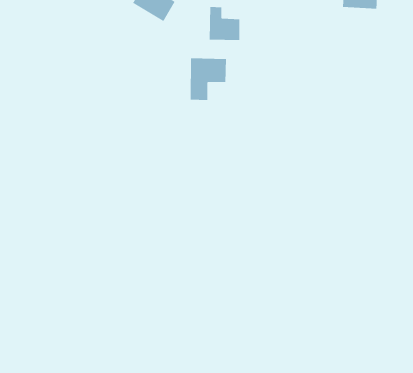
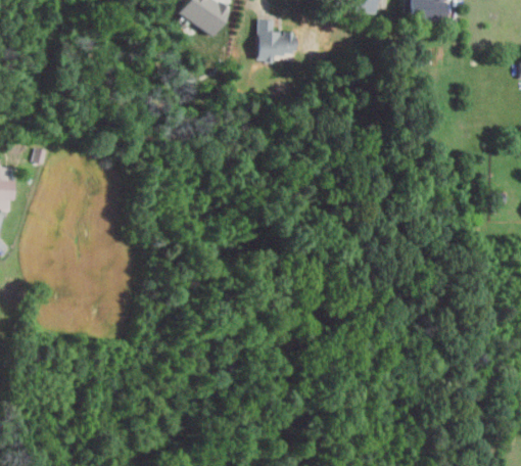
building: [190,57,227,101] -> none

